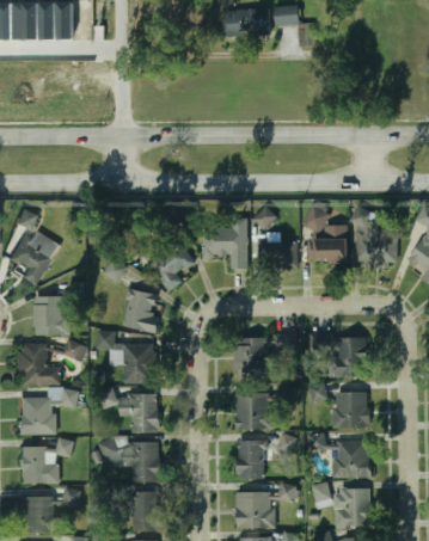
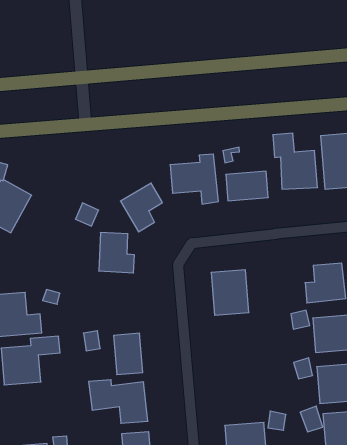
building: [35,296,71,334] -> none
building: [110,343,154,382] -> none
building: [235,392,270,430] -> none
building: [238,441,264,479] -> none
building: [20,447,59,482] -> none

